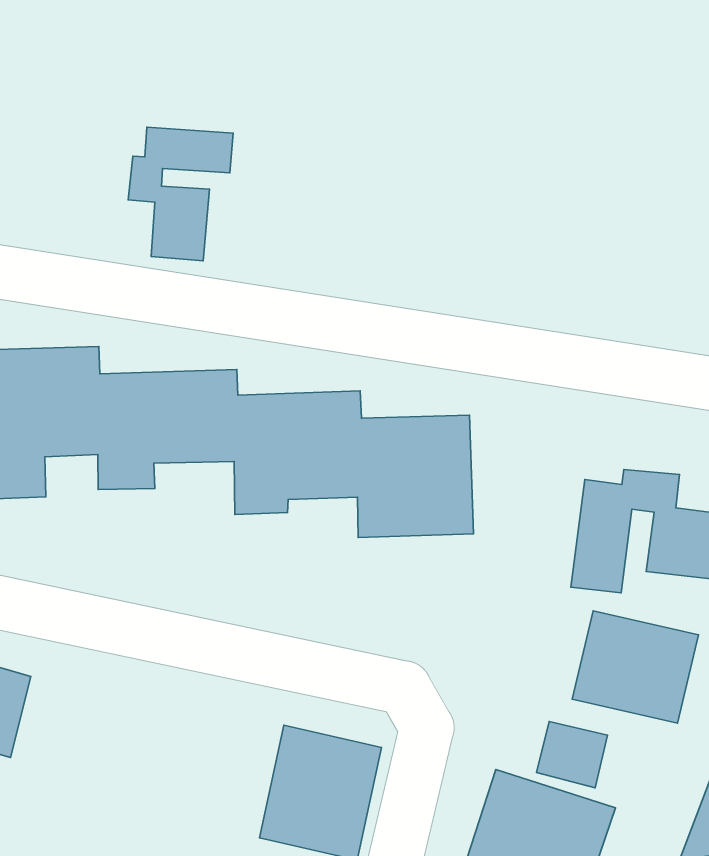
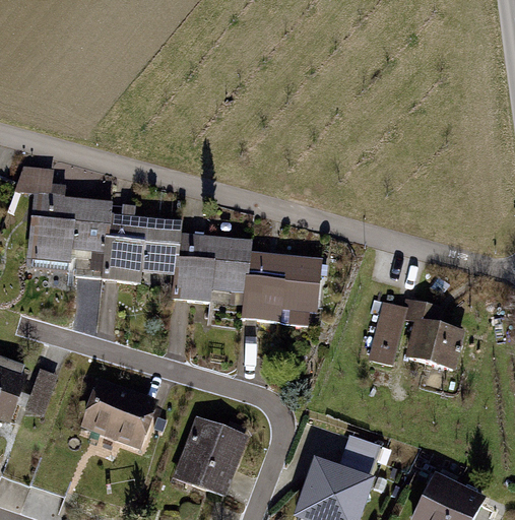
building: [128,127,233,261] -> none
building: [572,611,698,723] -> none
building: none -> [82,383,158,448]

